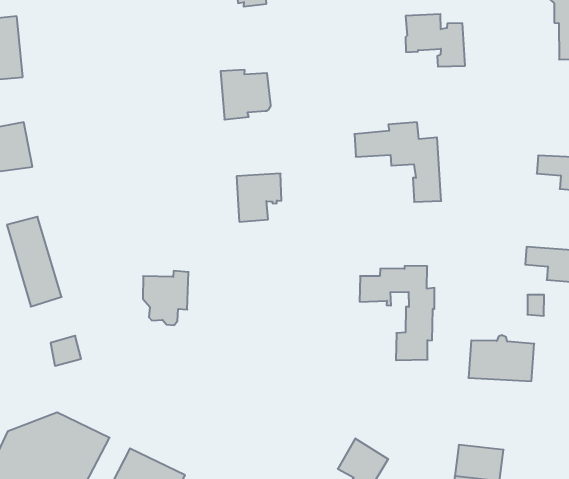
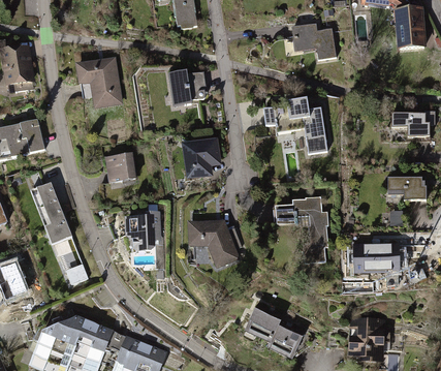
building: none -> [76,59,120,105]
building: none -> [105,153,134,182]
building: none -> [188,221,240,266]
building: none -> [248,303,282,340]

